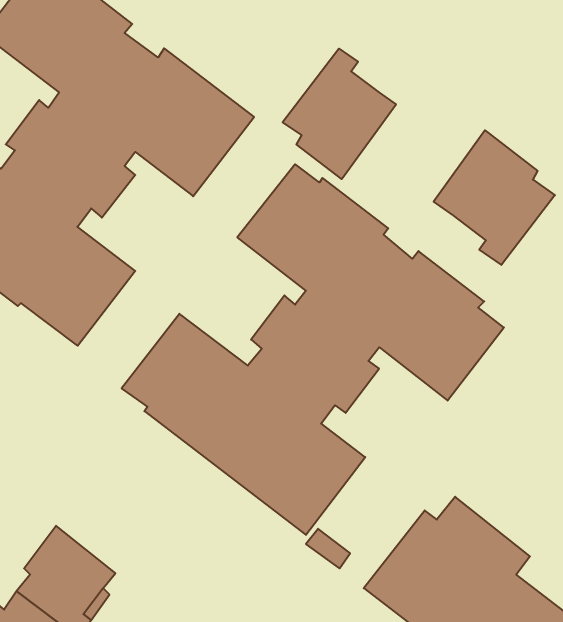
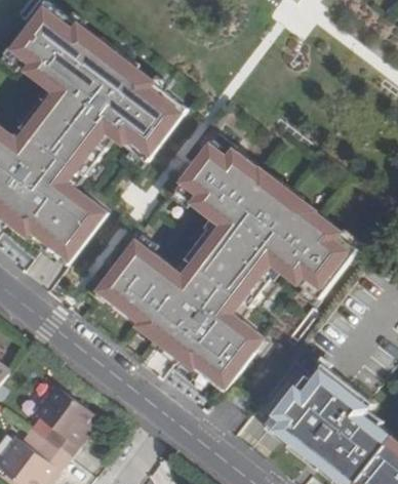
building: [283,49,396,179] -> none
building: [434,130,555,265] -> none

